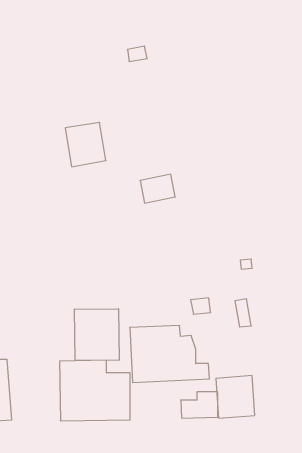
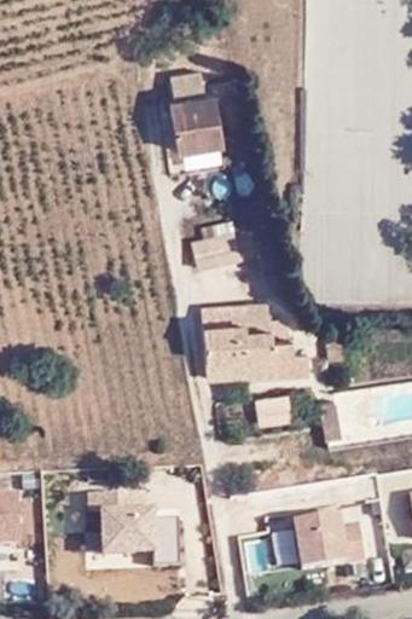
building: [65,122,106,167] -> [170,99,225,158]
building: [75,309,119,360] -> none
building: [130,326,209,383] -> [202,307,308,383]

